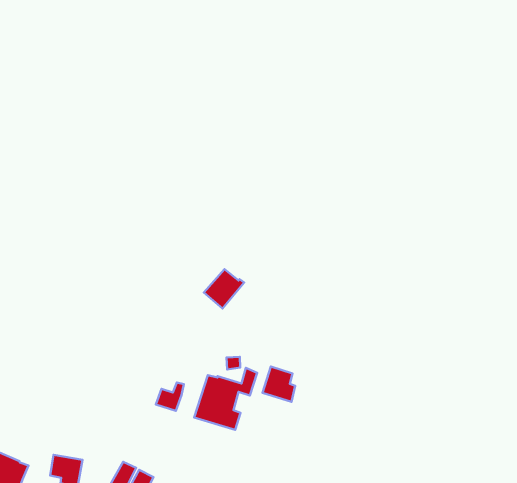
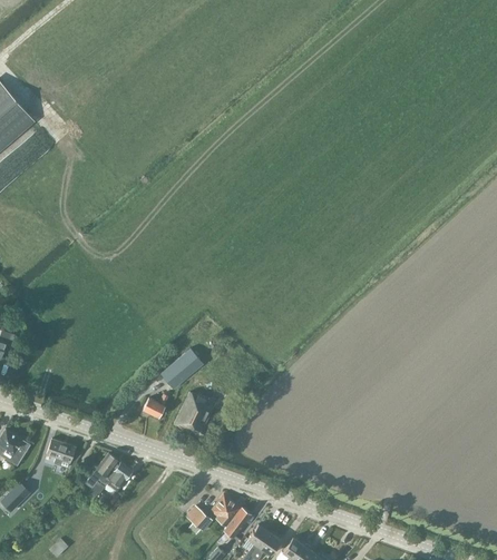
building: [204,269,244,309] -> [160,357,195,390]
building: [262,367,295,402] -> none

